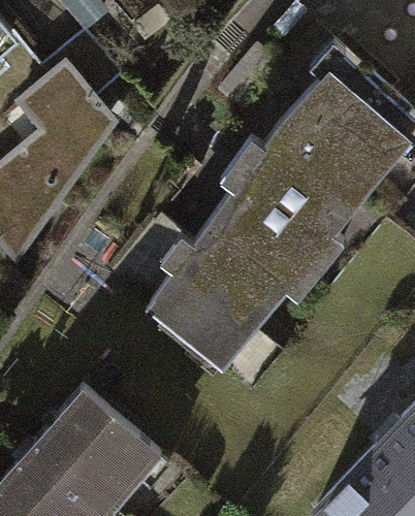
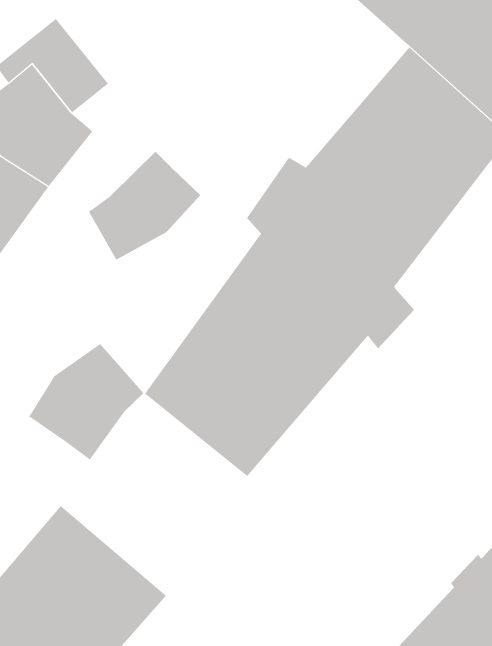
building: none -> [88,151,201,261]
building: none -> [28,343,144,461]

